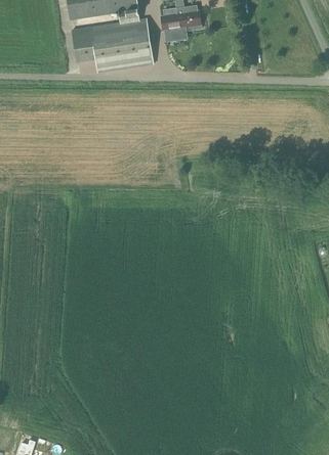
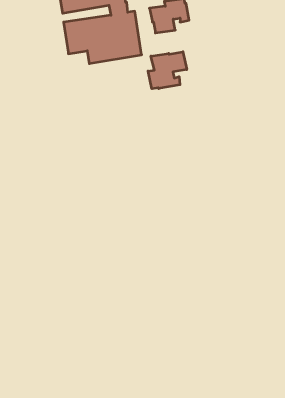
building: none -> [148,52,187,89]

